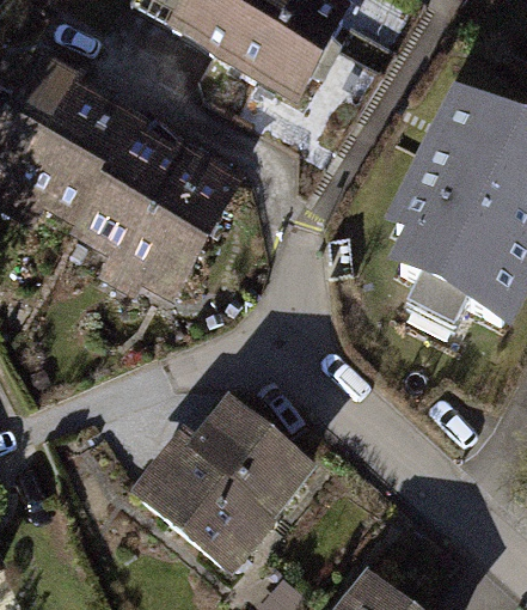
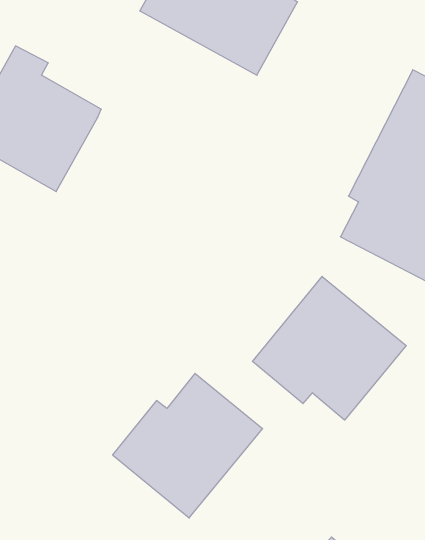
building: [76,139,232,292] -> none
building: none -> [252,276,406,420]

